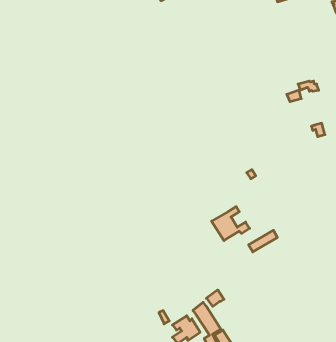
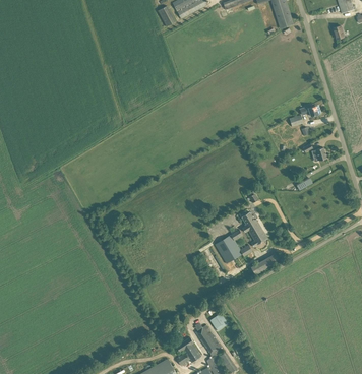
building: none -> [241,211,267,247]

